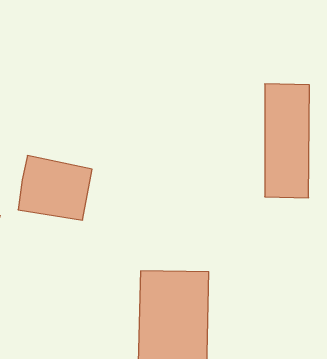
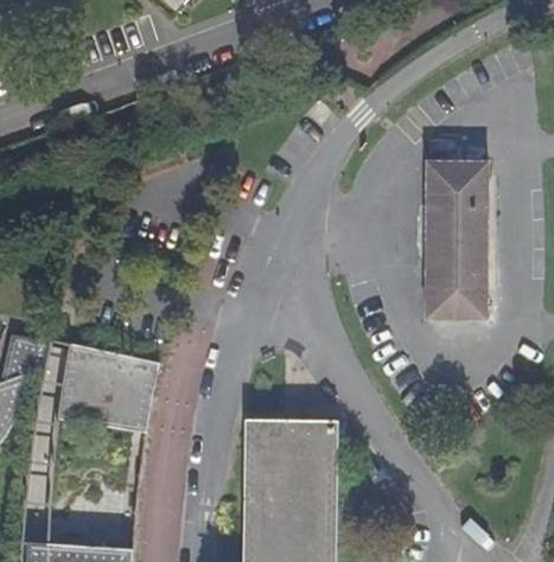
building: [18,156,92,220] -> [59,344,161,433]

